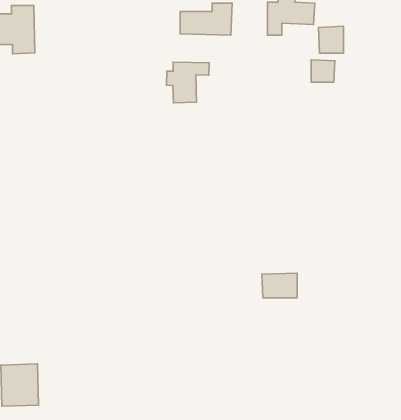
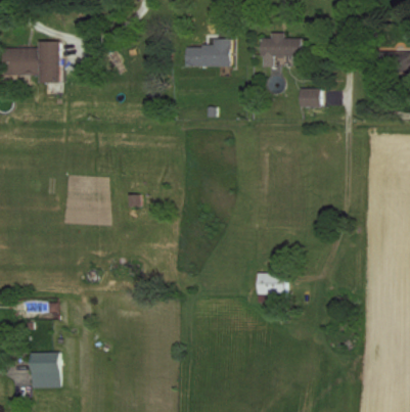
building: [318,26,343,53] -> none
building: [166,62,209,103] -> none

